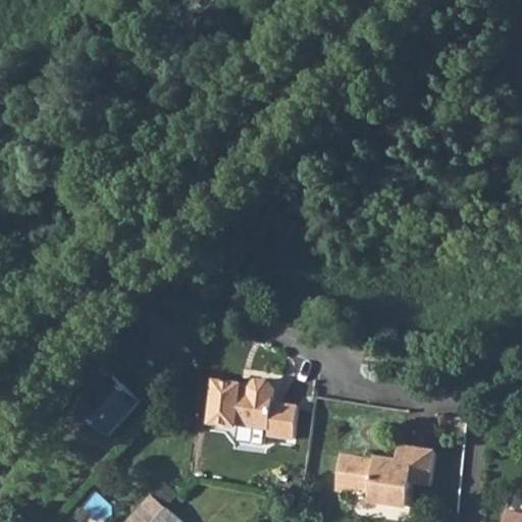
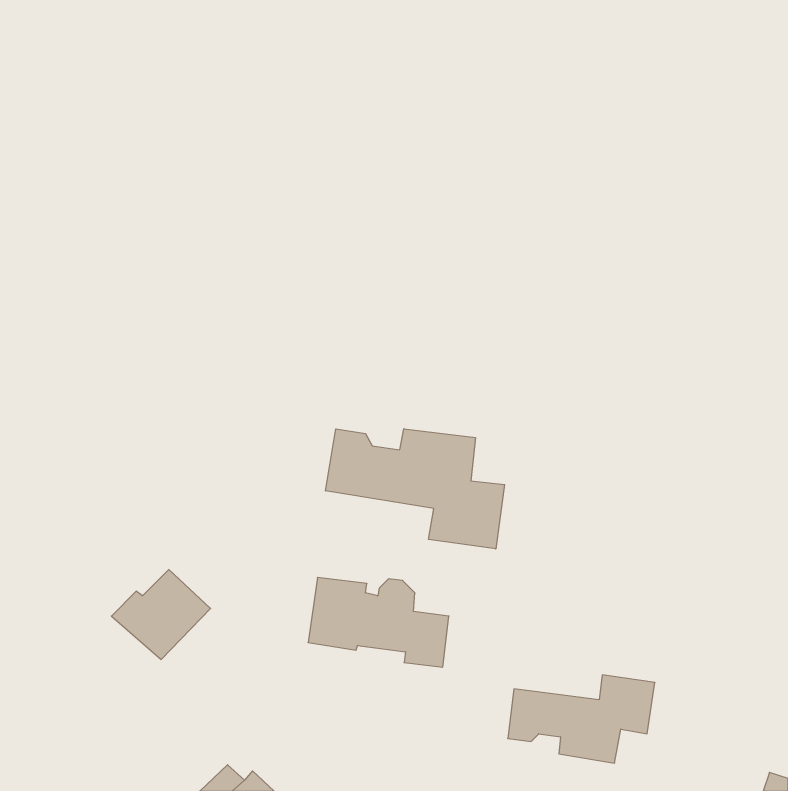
building: none -> [326,429,505,549]

